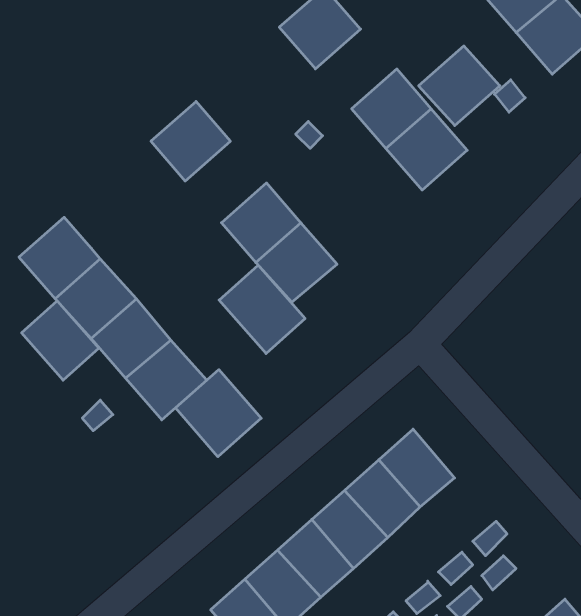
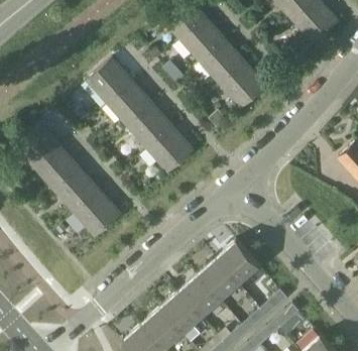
building: [419,46,500,126] -> [181,18,226,63]
building: none -> [108,81,153,126]
building: [219,265,305,354] -> none
building: [22,301,99,380] -> none
building: [176,370,261,457] -> none

